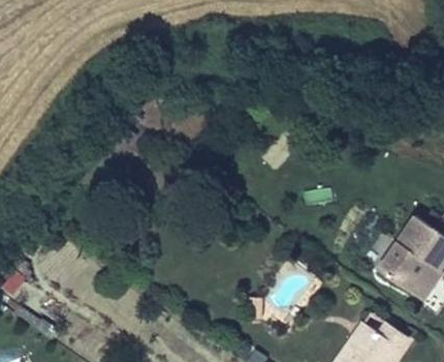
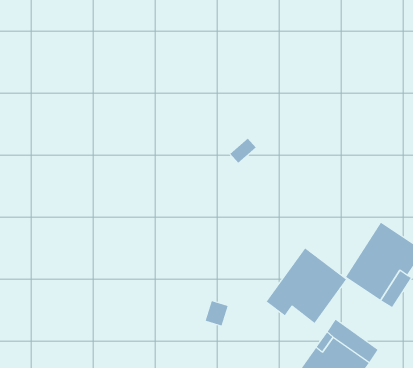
building: none -> [266,248,347,324]

